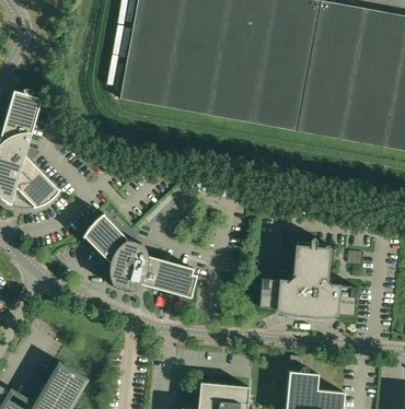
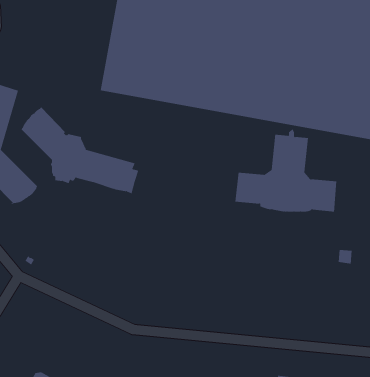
building: [83,213,197,297] -> [20,106,139,194]
building: [258,236,357,316] -> [234,129,337,212]

